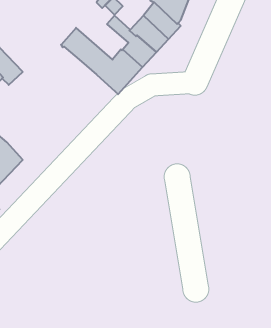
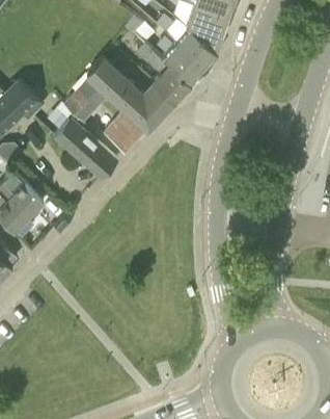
building: none -> [65,78,109,122]
building: none -> [105,109,146,152]
building: none -> [55,119,116,178]

